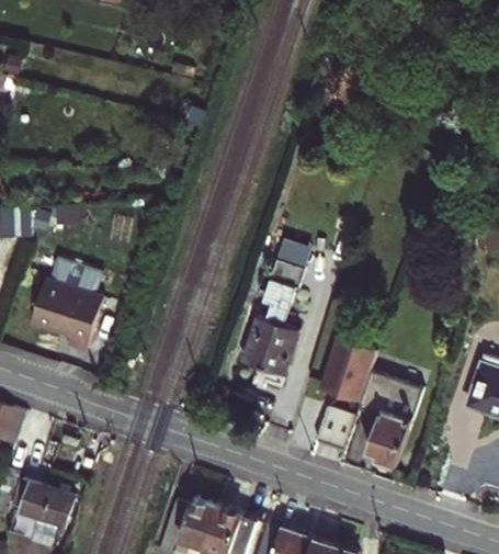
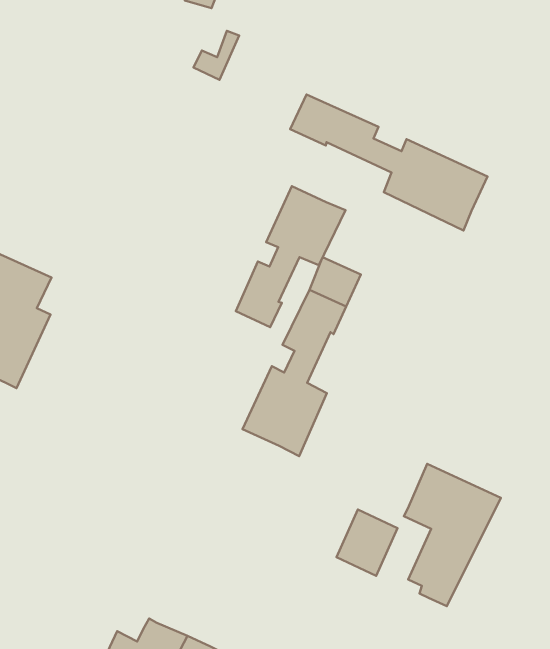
building: none -> [290,95,488,230]
building: none -> [236,186,346,327]
building: [319,340,376,405] -> none

